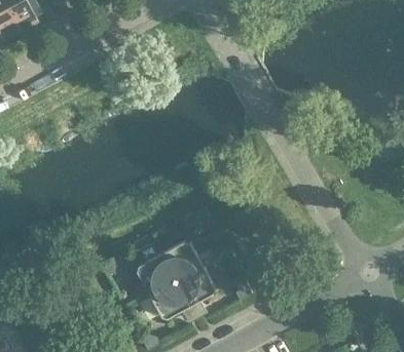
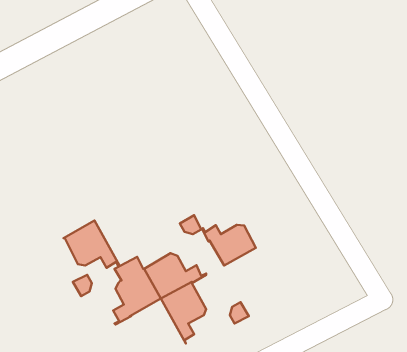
building: none -> [202,225,256,266]
building: [150,278,198,319] -> [64,220,120,268]

